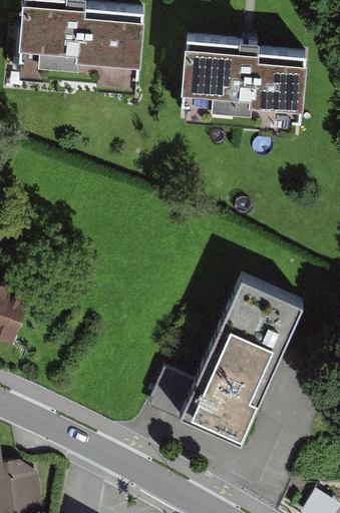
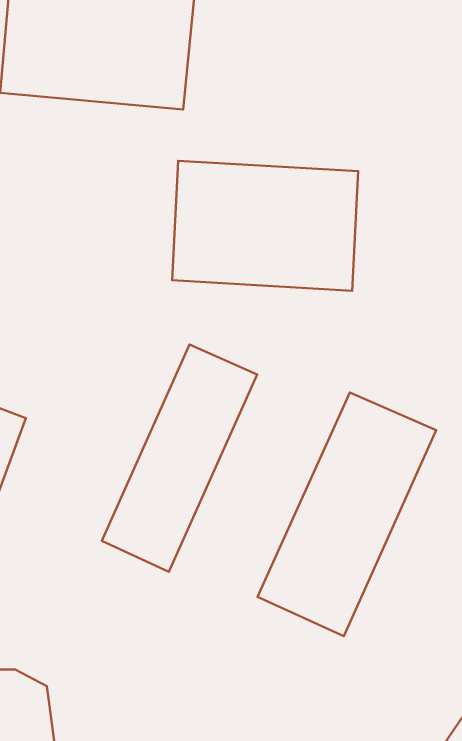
building: [181,37,304,123] -> [172,161,358,291]
building: none -> [102,345,257,572]

